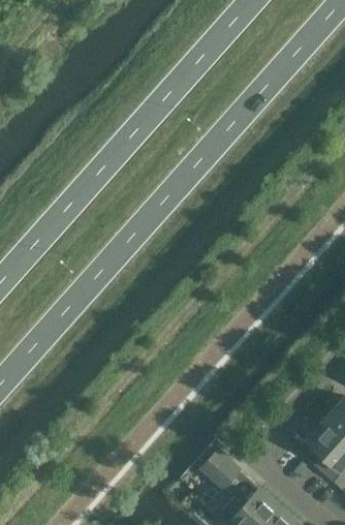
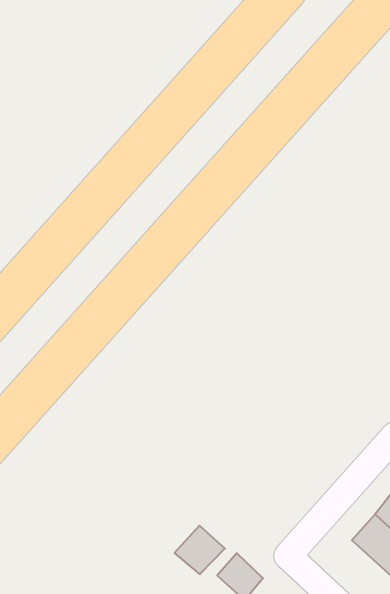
building: none -> [175,526,225,574]

